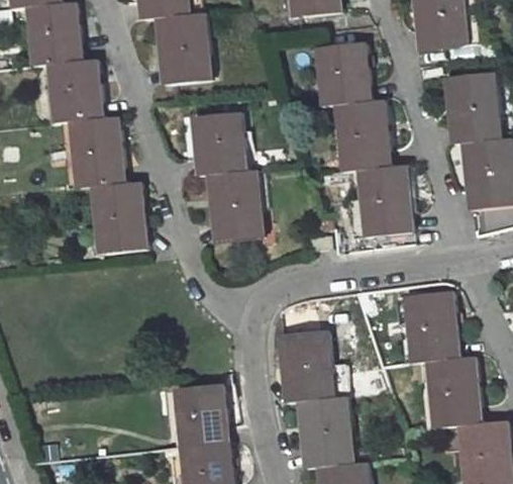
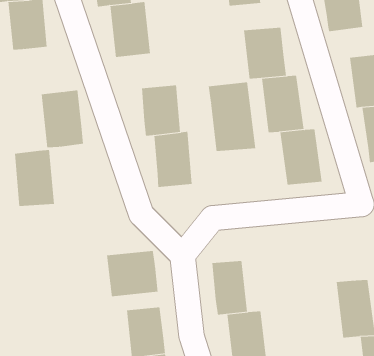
building: [52,67,101,127] -> none
building: none -> [208,82,256,152]
building: [96,186,145,256] -> [14,150,55,207]
building: [405,285,455,358] -> none
building: none -> [107,250,158,297]

